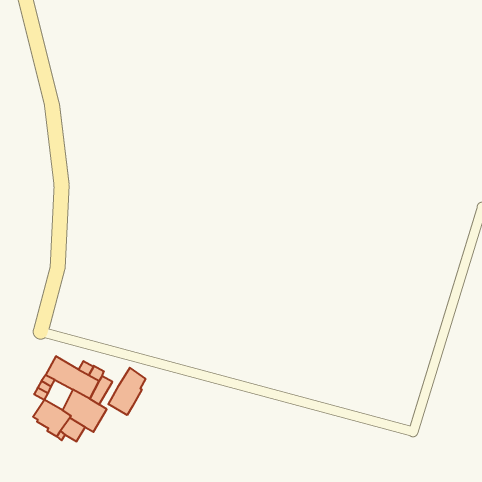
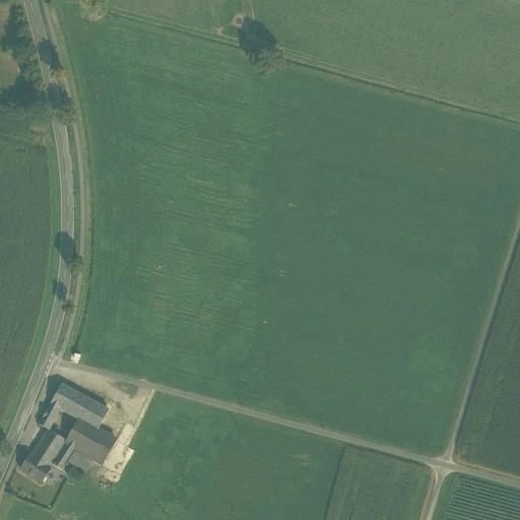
building: [108,368,145,415] -> none
building: none -> [19,448,52,481]

